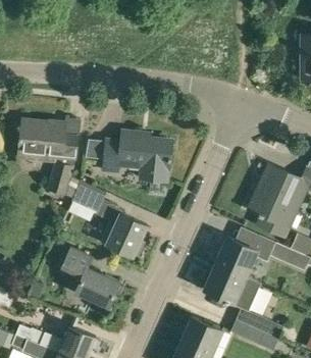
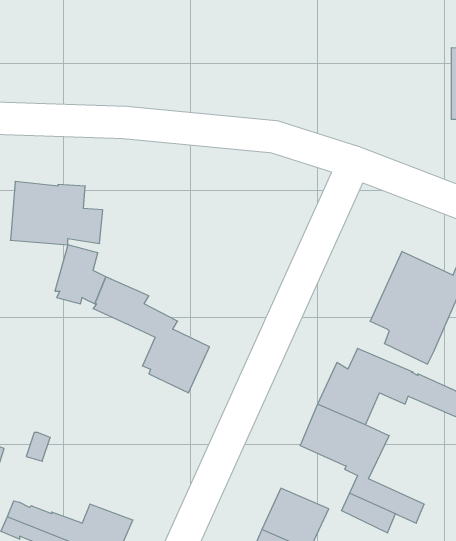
building: [103,132,172,182] -> none
building: [61,248,119,308] -> none

